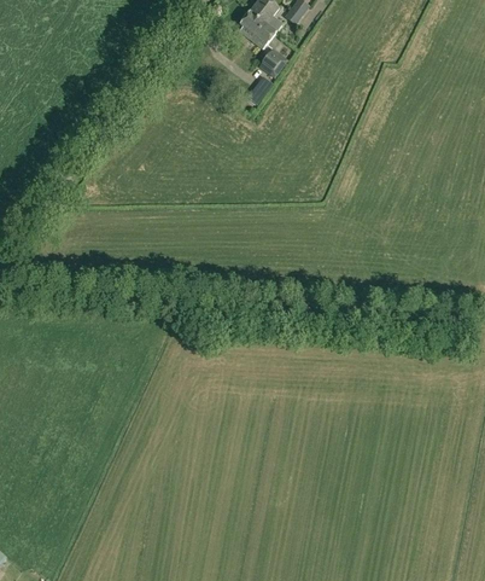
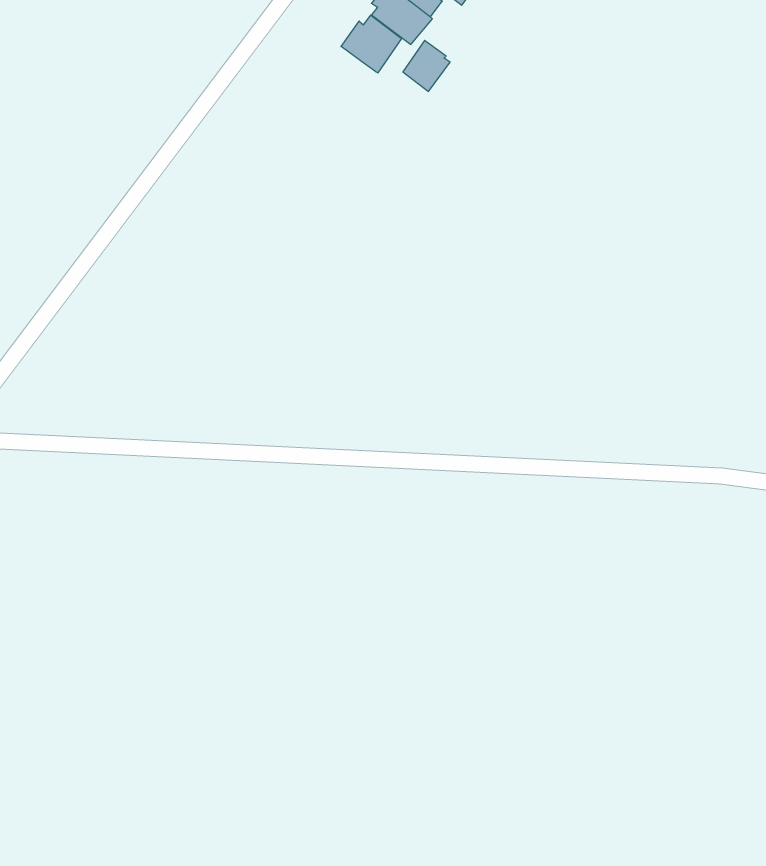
building: none -> [341,15,402,73]

